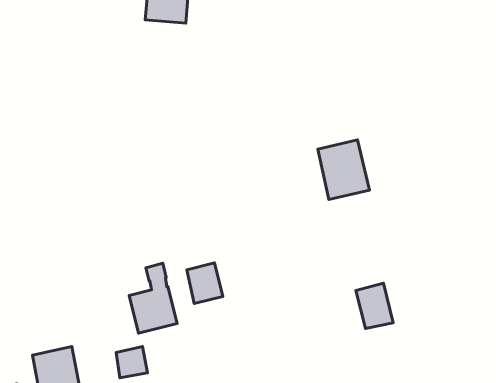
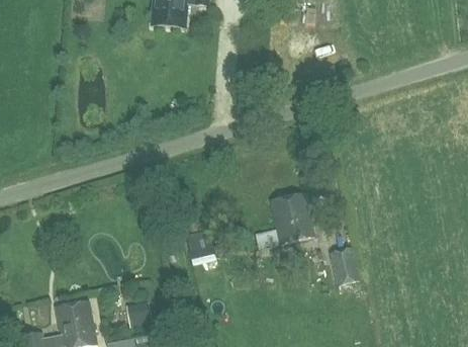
building: [318,140,369,200] -> [271,193,314,244]
building: [129,263,177,333] -> none

